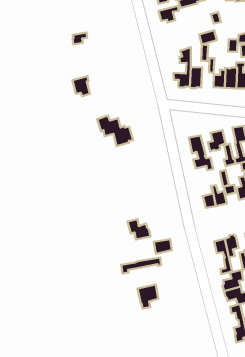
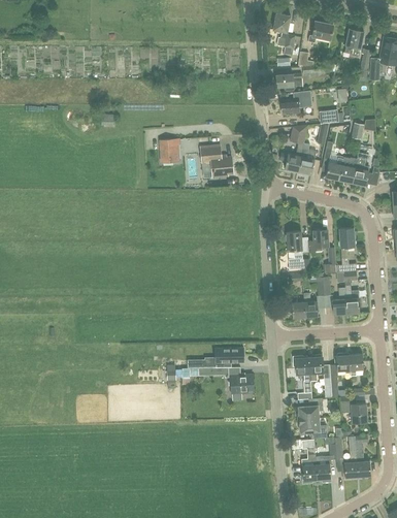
building: none -> [282,90,312,115]
building: [97,115,133,146] -> [195,139,233,177]
building: [127,219,150,240] -> none
building: [137,285,158,309] -> [231,375,254,400]

